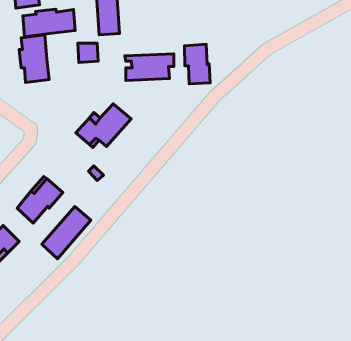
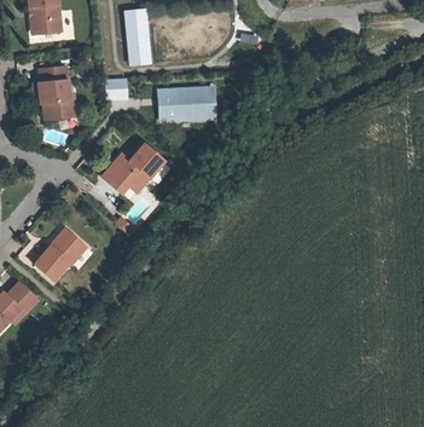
building: [23,9,75,37] -> none
building: [185,44,210,84] -> none
building: [42,206,91,259] -> none

